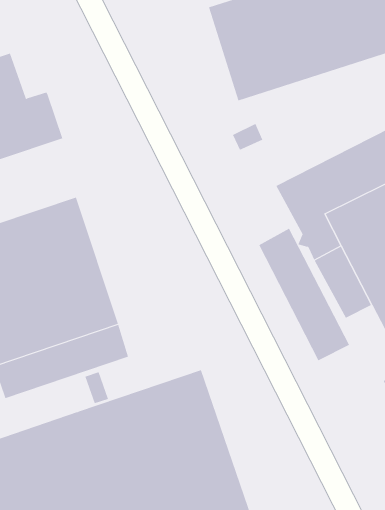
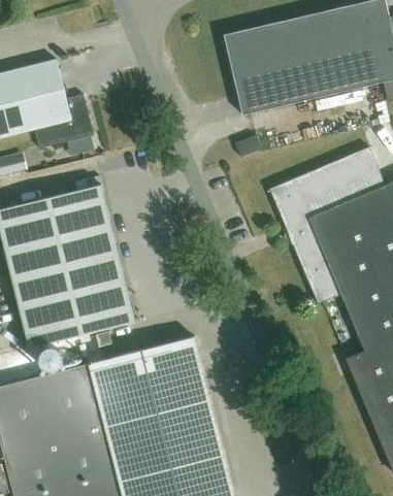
building: [258,228,350,361] -> none

